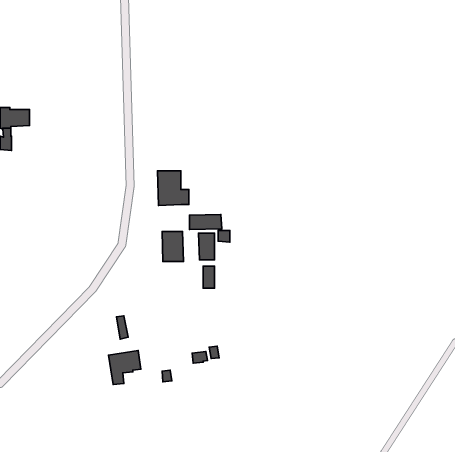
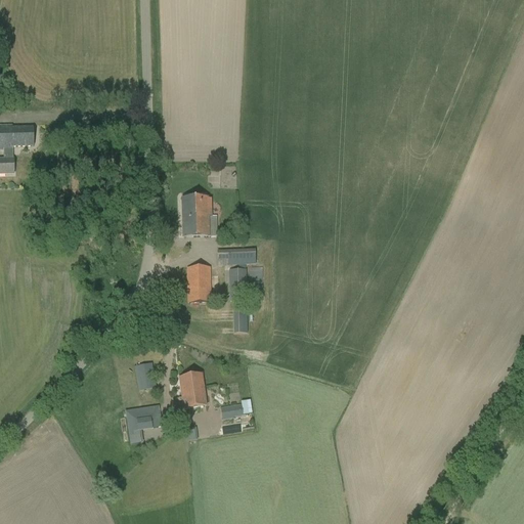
building: none -> [179,373,207,407]

